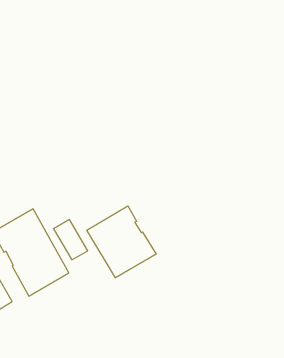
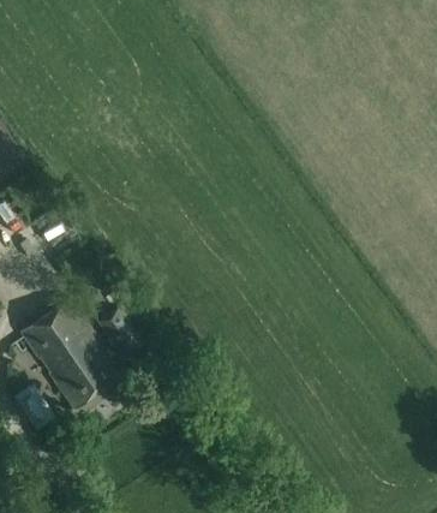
building: [87,206,156,278] -> none

